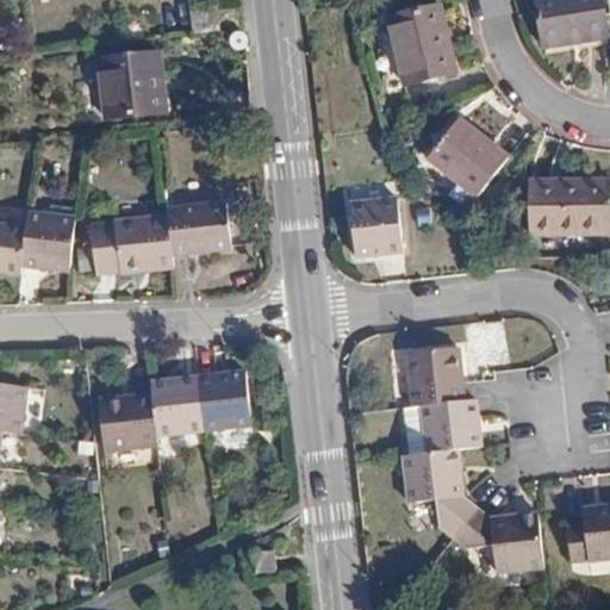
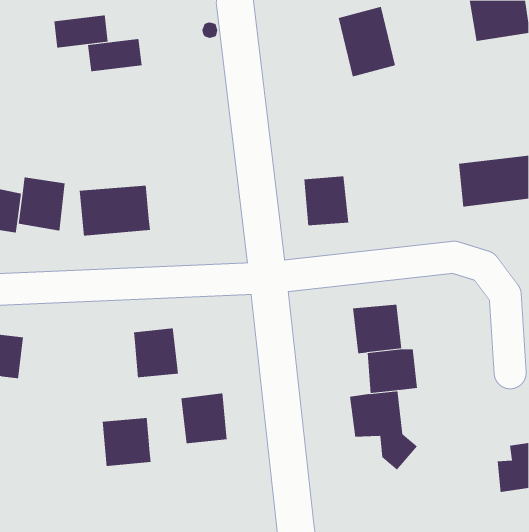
building: [104,75,167,113] -> [53,15,109,48]
building: [428,123,509,203] -> none
building: [167,200,230,250] -> none
building: [199,369,253,428] -> [181,393,227,444]
building: [101,392,158,448] -> [102,417,152,466]
building: [455,511,542,572] -> none

